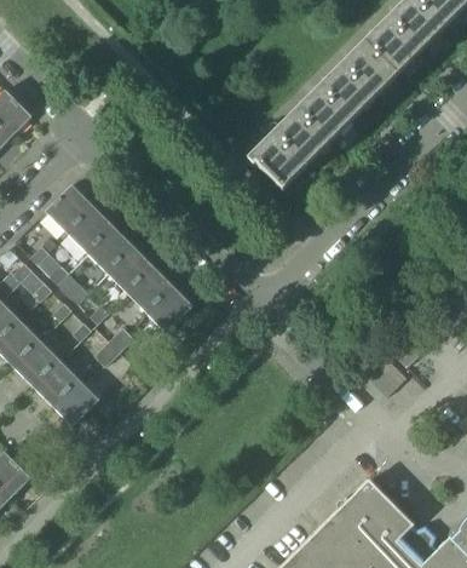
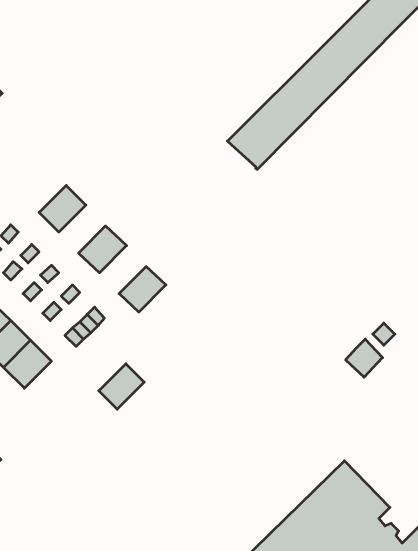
building: [44,184,94,234] -> none
building: [87,226,133,274] -> none
building: [127,266,173,314] -> none
building: [53,380,98,425] -> [99,364,144,409]

